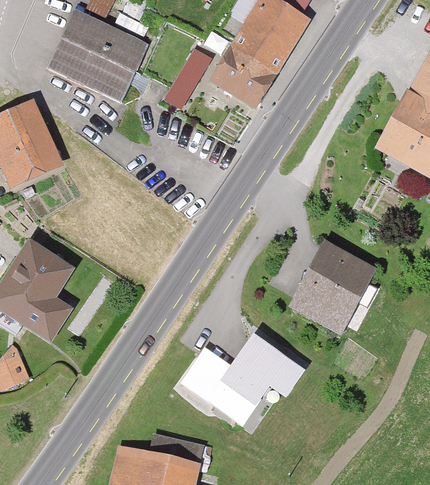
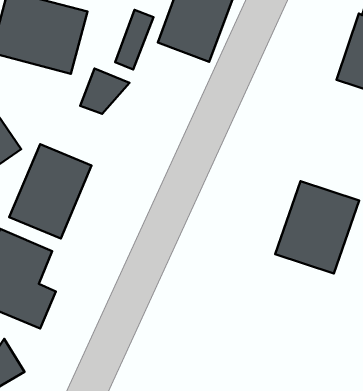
building: none -> [80,68,129,114]
building: none -> [9,144,91,239]
building: [177,322,308,419] -> none

